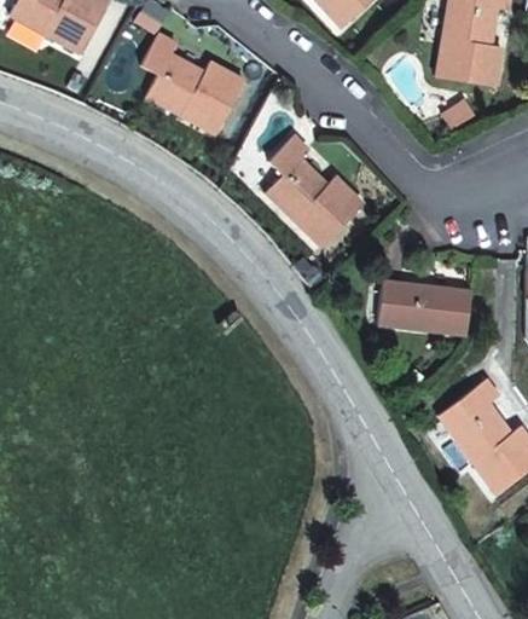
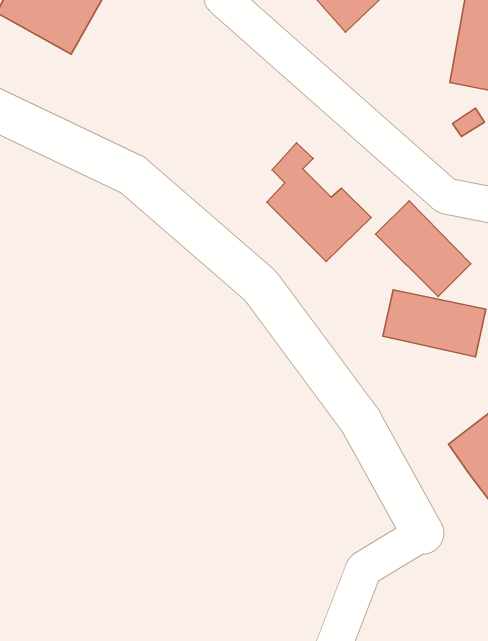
building: [143,33,246,133] -> none
building: none -> [376,201,471,297]

